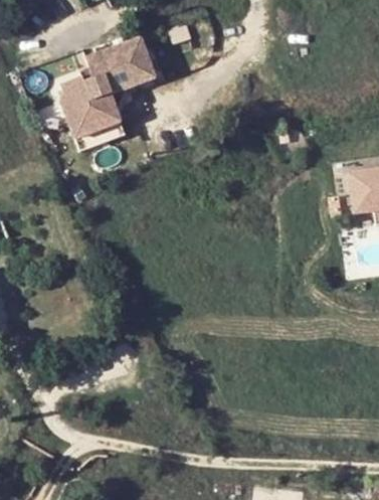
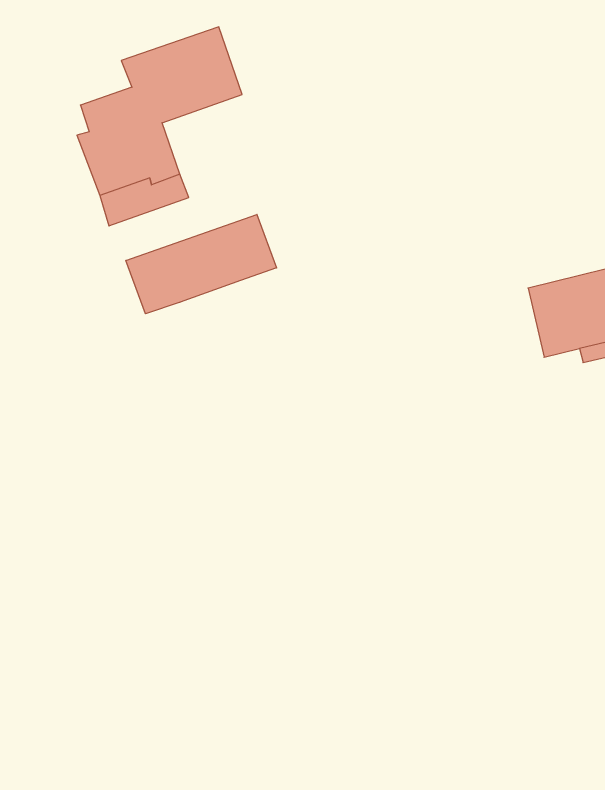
building: none -> [126,214,277,314]

